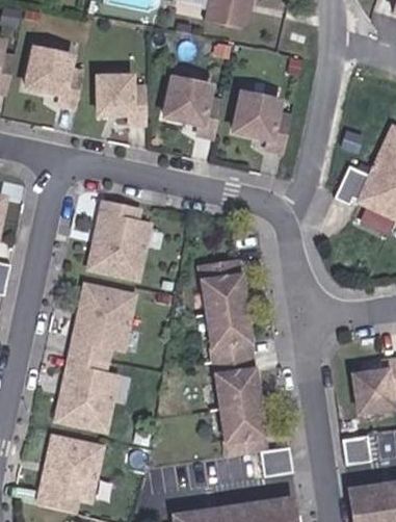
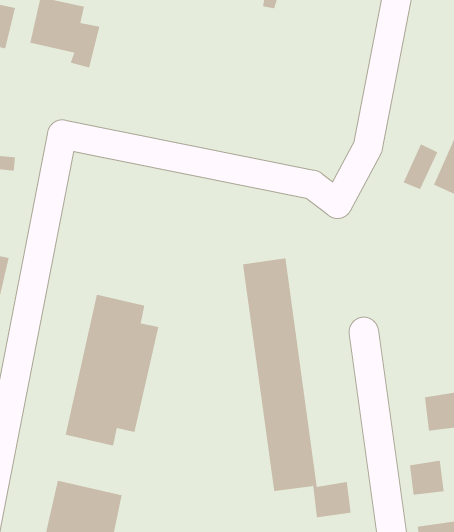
building: [94,73,148,122] -> none
building: [166,77,225,135] -> none
building: [236,93,293,152] -> none
building: [84,198,150,269] -> none

